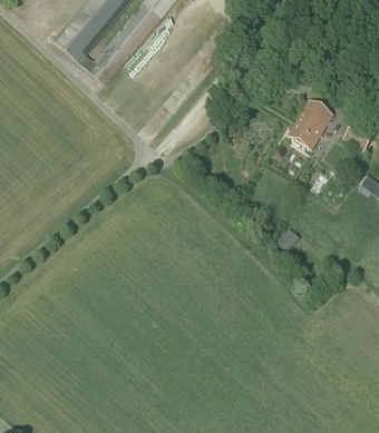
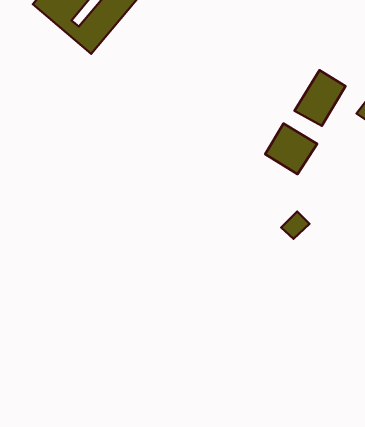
building: none -> [265,123,317,174]

